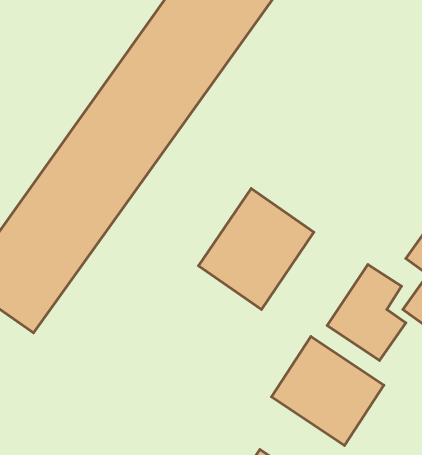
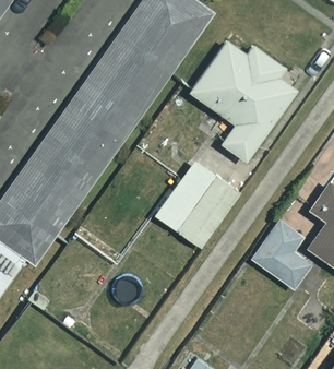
building: none -> [191,40,299,163]
building: [272,336,384,446] -> none

